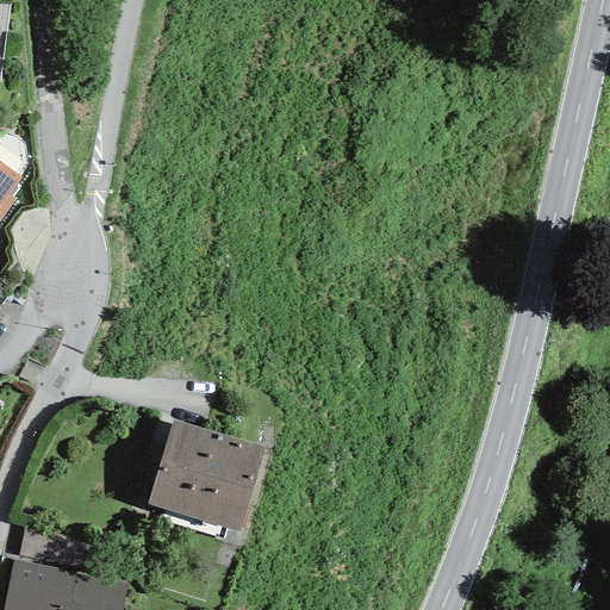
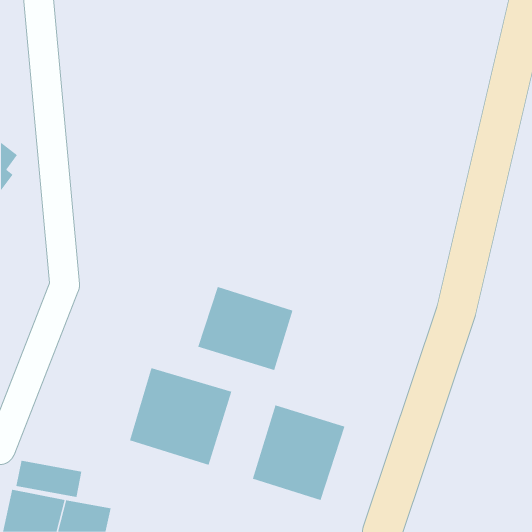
building: none -> [198,286,293,371]
building: none -> [252,405,345,501]

